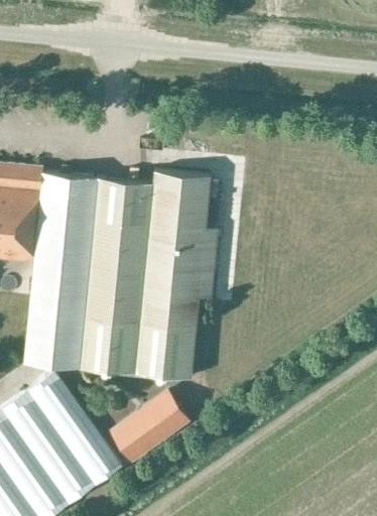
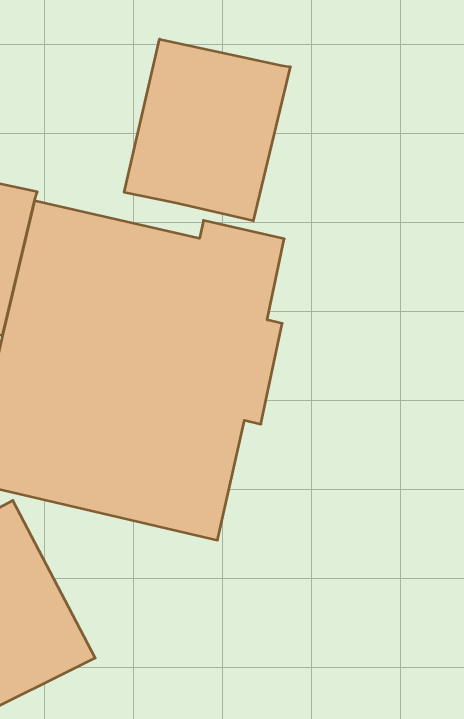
building: none -> [124,39,290,221]
building: [110,389,190,463] -> none

